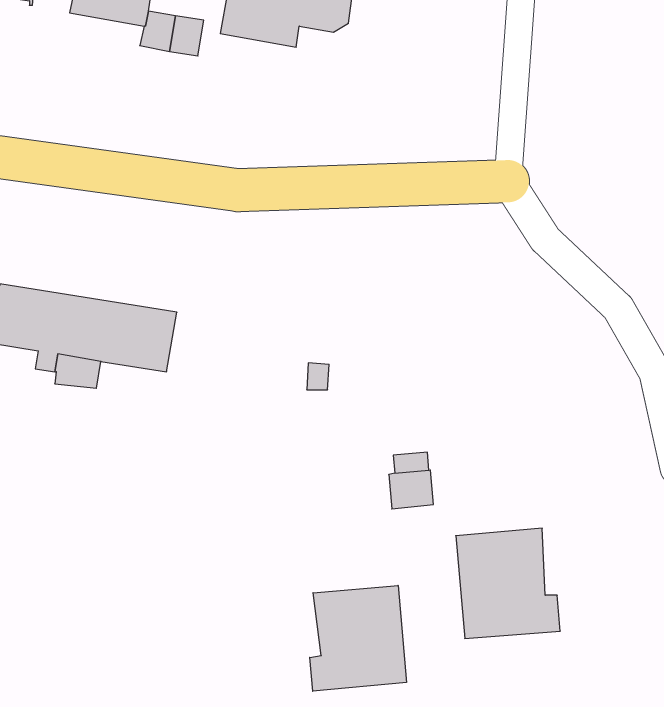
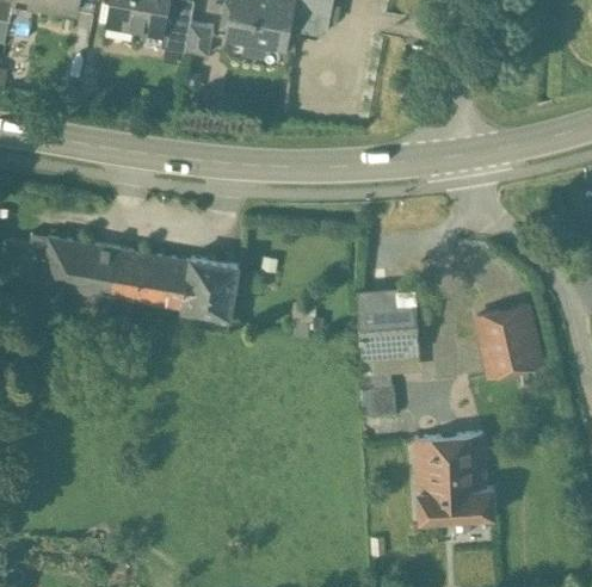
building: none -> [183,258,239,328]
building: none -> [357,289,420,360]
building: none -> [477,307,539,376]
building: [310,585,406,691] -> none

